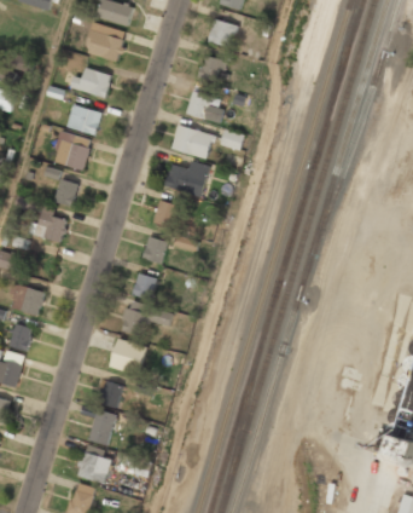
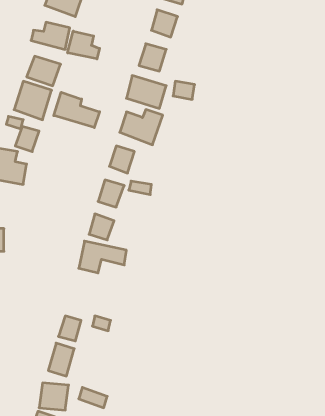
building: none -> [68,31,100,59]
building: none -> [54,92,100,128]
building: [110,339,147,375] -> none

